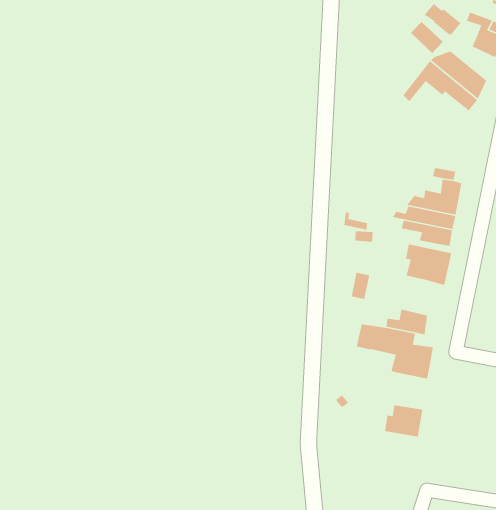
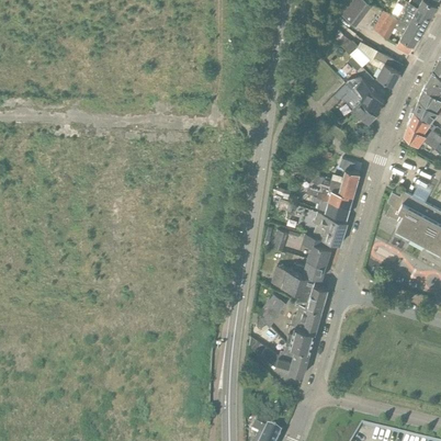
building: none -> [302,234,331,265]
building: none -> [291,304,321,332]
building: none -> [264,346,310,376]

